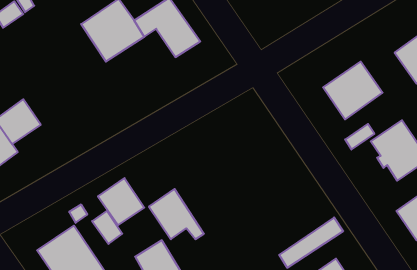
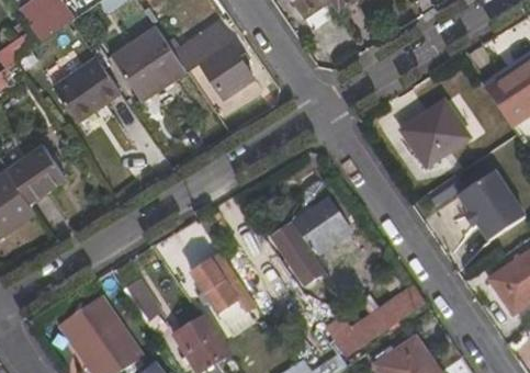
building: none -> [53,57,120,121]
building: none -> [273,199,348,285]
building: [98,178,144,225] -> none

